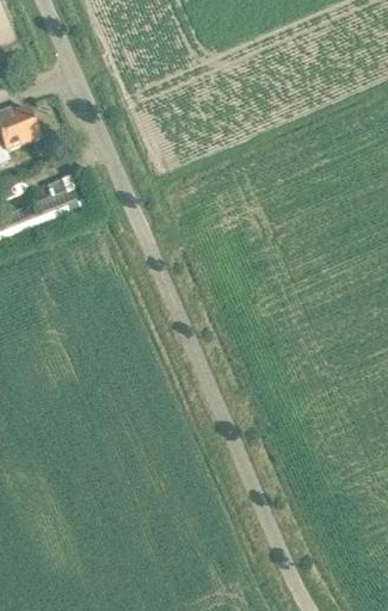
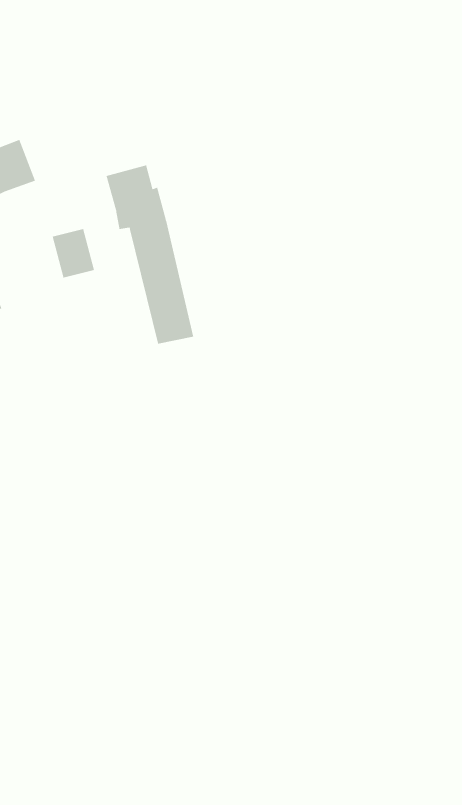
building: none -> [106,164,194,344]

